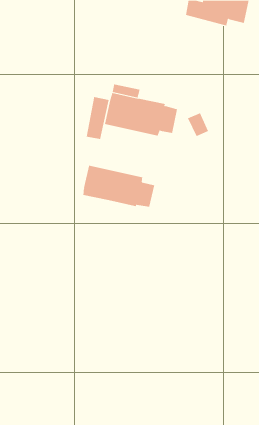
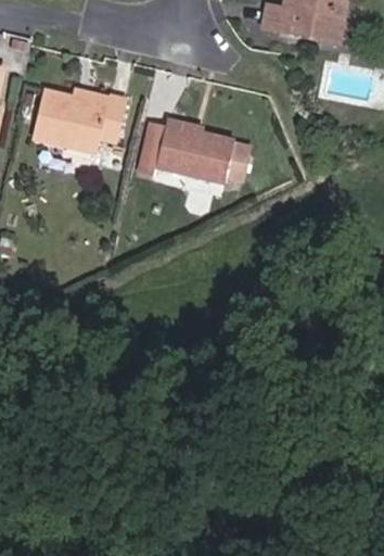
building: none -> [30,85,127,153]
building: [83,165,155,208] -> none

